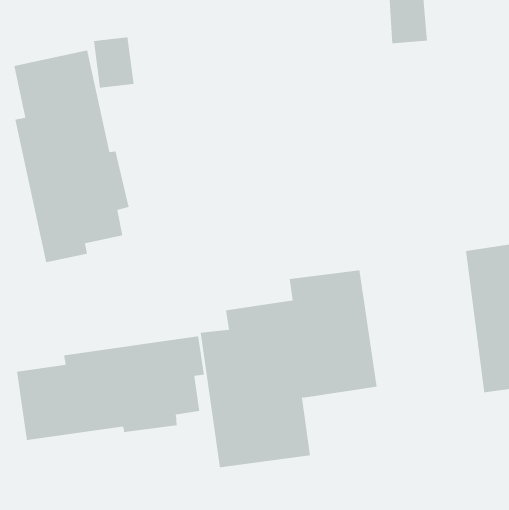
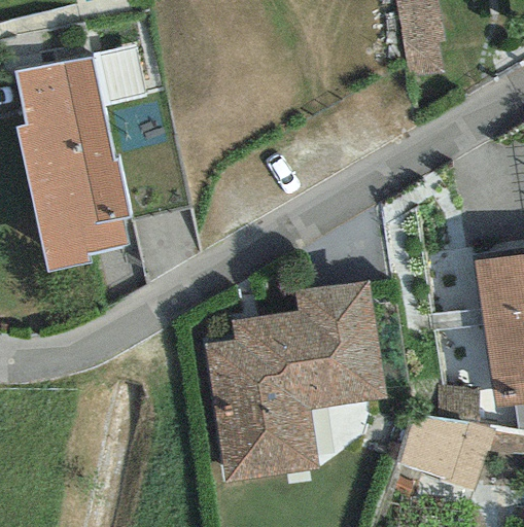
building: [17,336,204,441] -> none
building: none -> [398,413,493,491]

